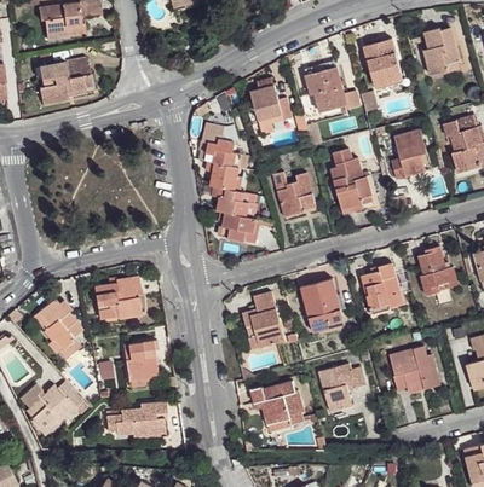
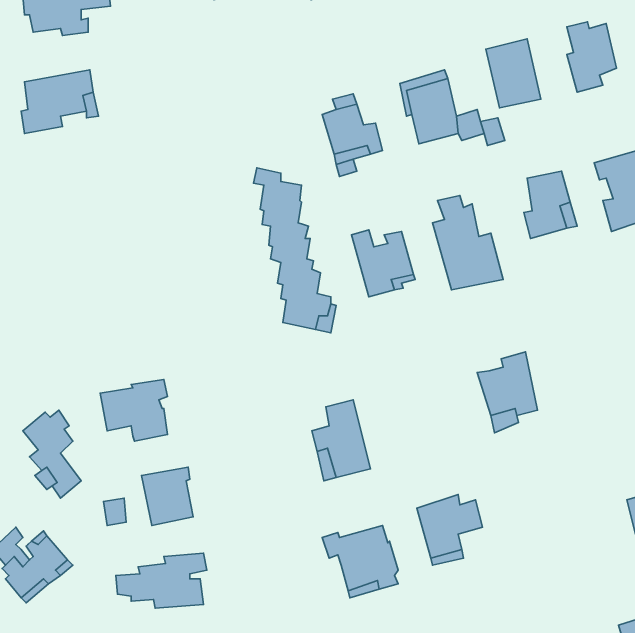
building: [417,244,455,295] -> none
building: [301,280,344,335] -> none
building: [386,342,437,388] -> none

